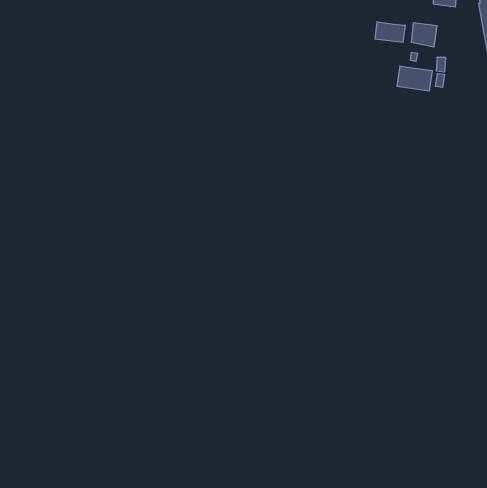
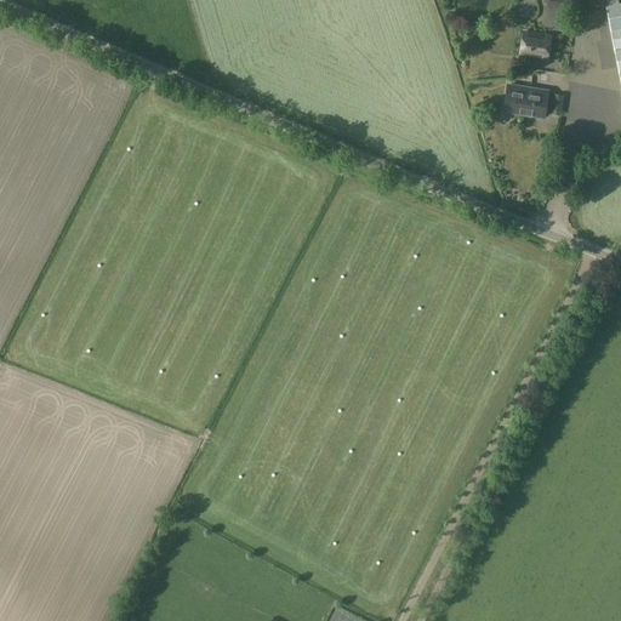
building: [375,22,405,42] -> none

